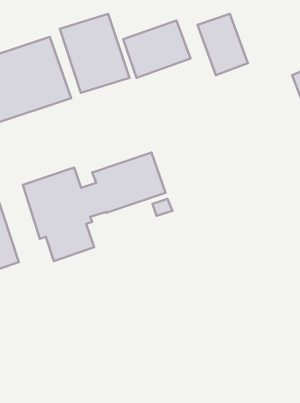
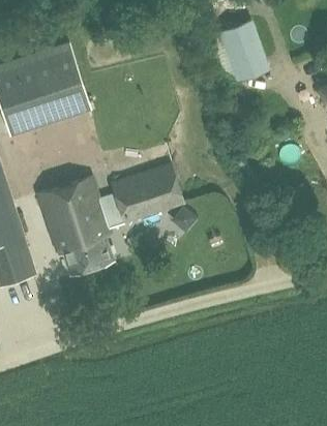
building: [60,14,129,93] -> none
building: [123,21,191,78] -> none

